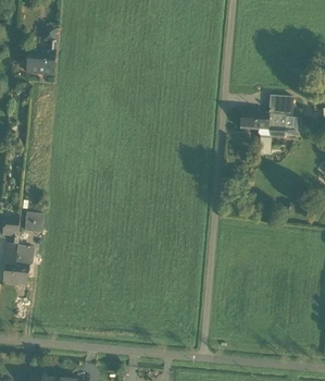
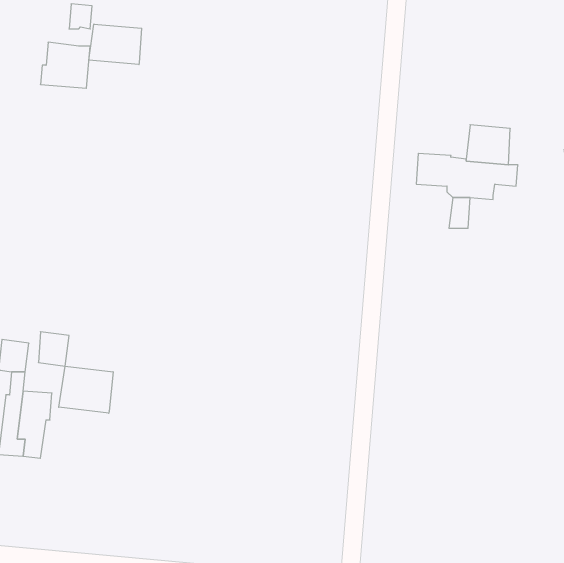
building: none -> [89,24,142,65]
building: none -> [59,366,113,413]

